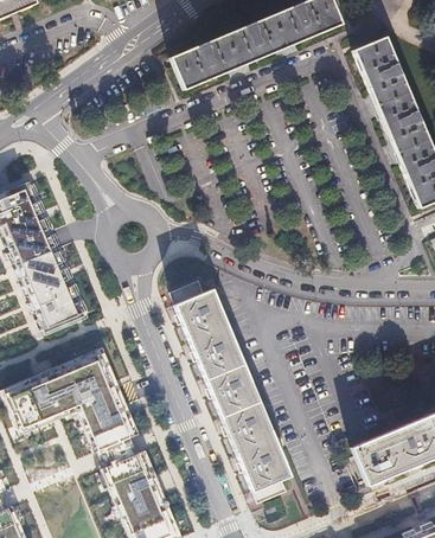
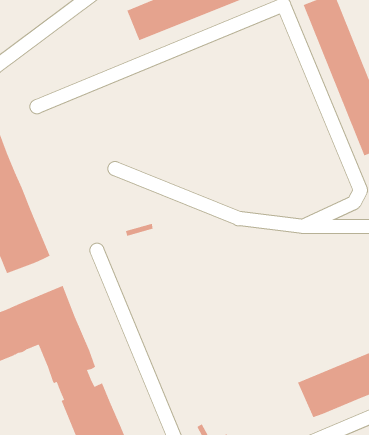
building: [174,288,289,489] -> none

